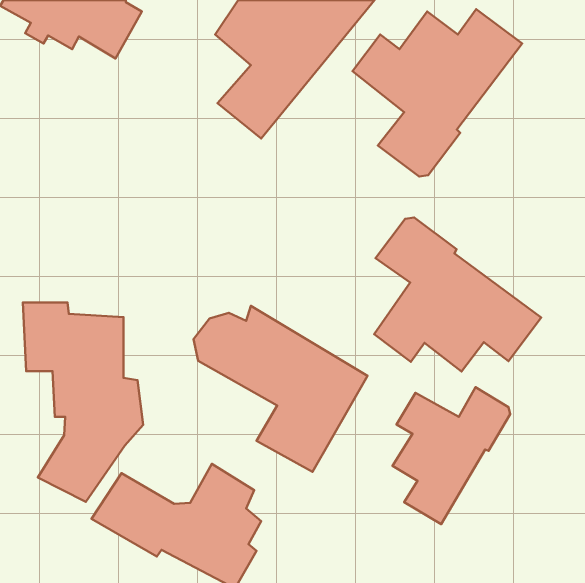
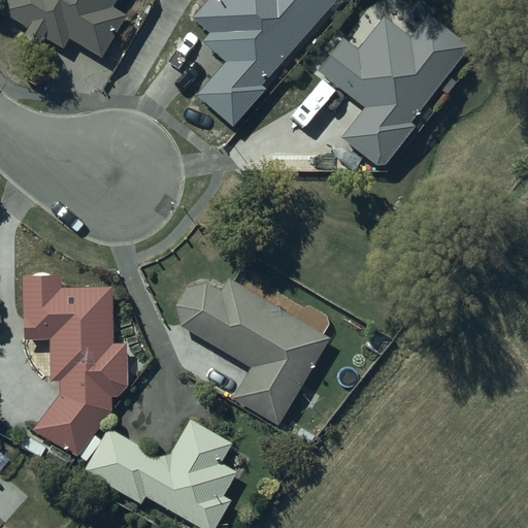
building: [374,218,541,371] -> none
building: [393,387,510,524] -> none

